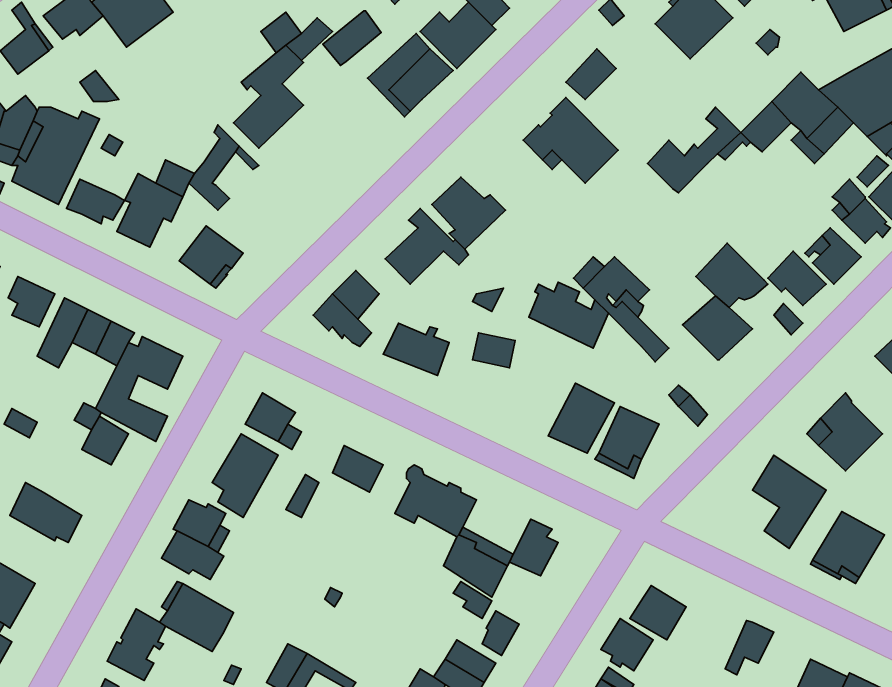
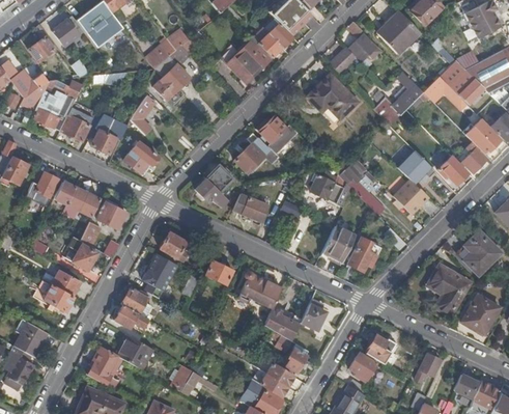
building: [323,11,381,65] -> [145,38,176,67]
building: none -> [348,34,376,62]
building: none -> [52,269,82,297]

